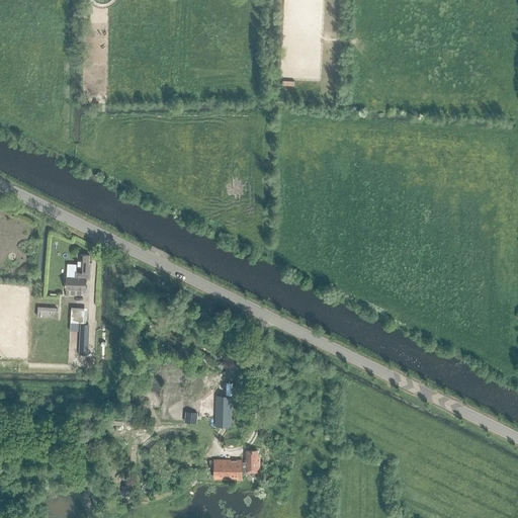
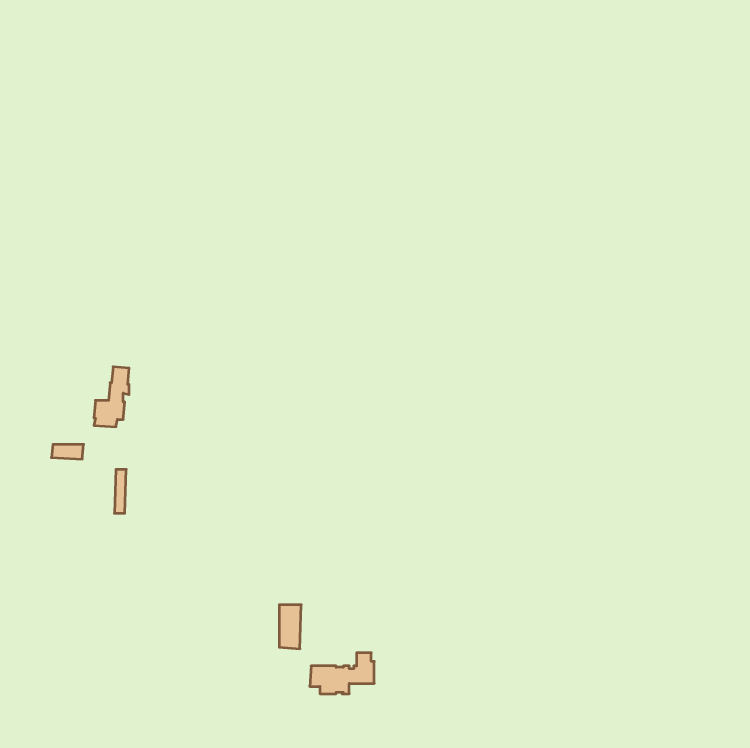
building: [215,396,231,426] -> [279,605,301,649]

